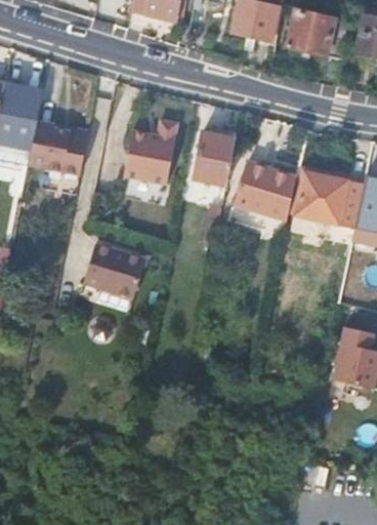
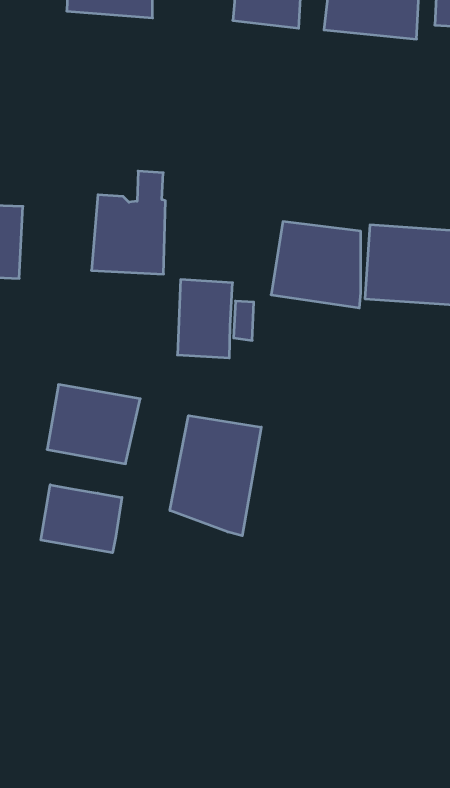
building: [194,133,234,186] -> [177,280,233,358]
building: none -> [170,416,261,536]
building: none -> [41,485,122,553]

